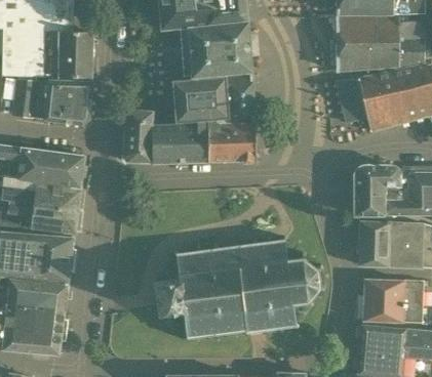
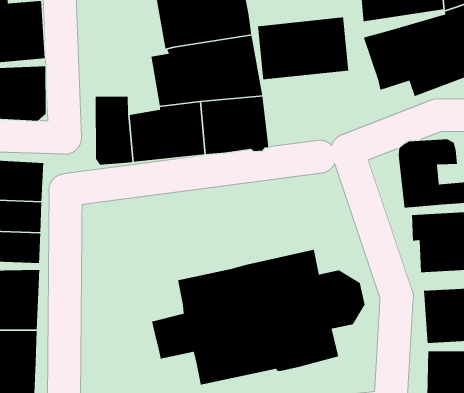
building: none -> [257,17,349,80]

